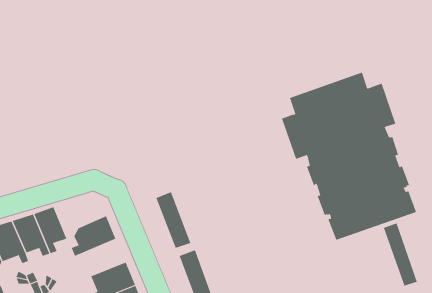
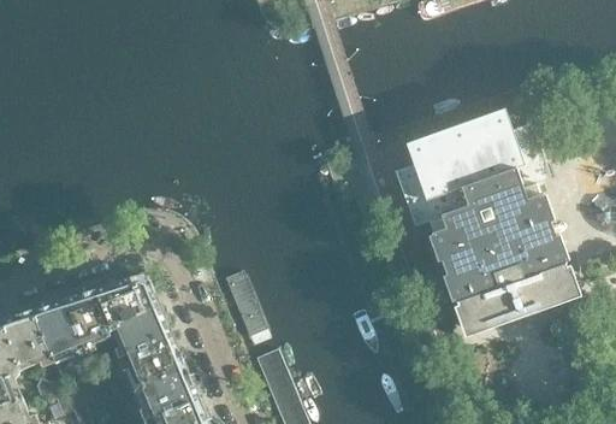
building: none -> [89,277,160,336]
building: [383,223,417,287] -> none
building: none -> [117,336,186,387]

